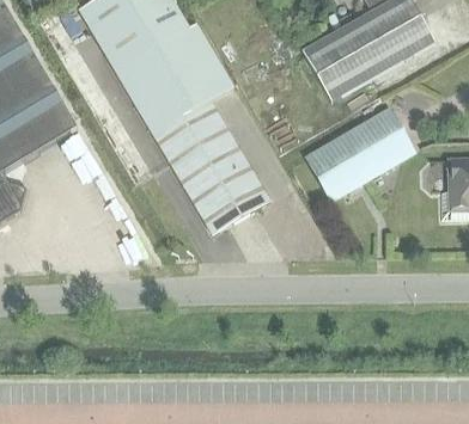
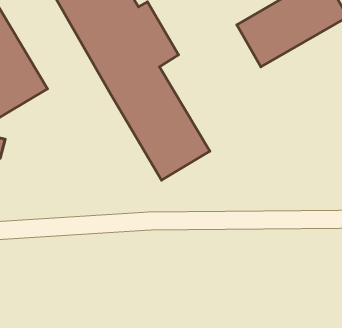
building: [305,107,413,198] -> none

